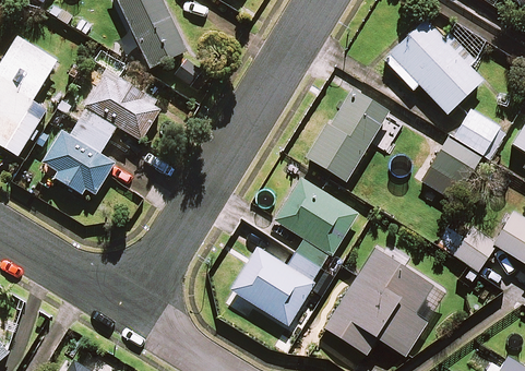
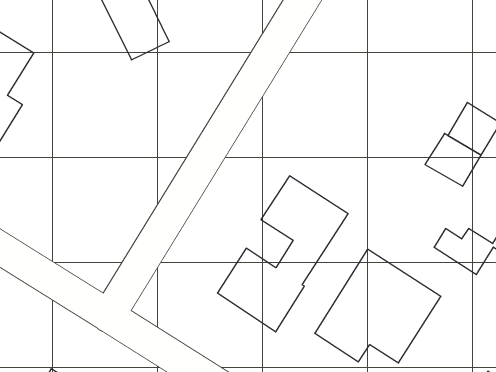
building: [384,20,482,112] -> none
building: [43,68,163,193] -> none
building: [308,87,389,180] -> none

